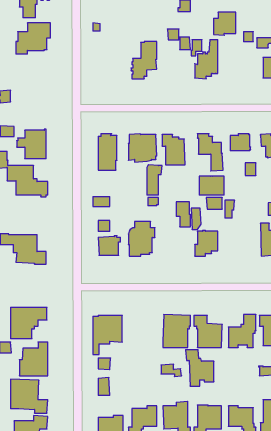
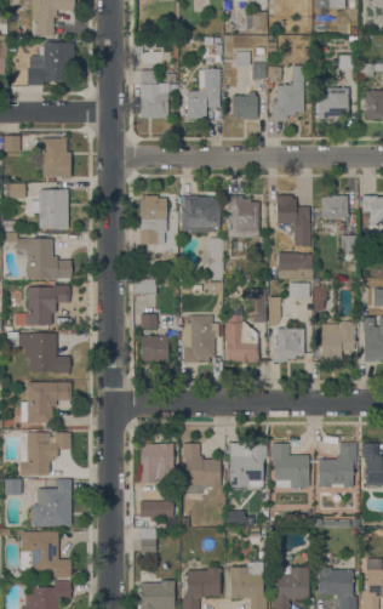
building: [214,12,236,35] -> [319,87,349,119]
building: none -> [141,69,168,118]
building: none -> [233,91,258,118]
building: none -> [34,137,72,178]
building: none -> [16,284,70,325]
building: none -> [225,306,259,362]
building: none -> [321,321,355,362]
building: none -> [15,381,72,422]
building: [186,350,214,386] -> [182,443,221,493]

